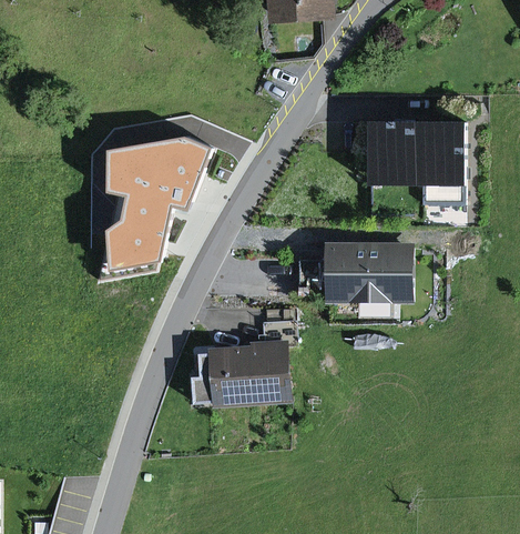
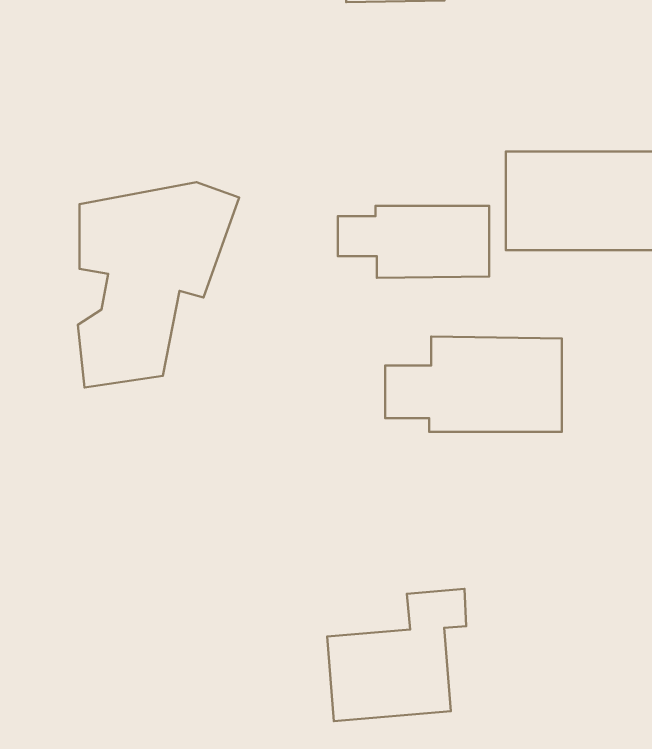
building: none -> [338,206,489,278]
building: [210,319,300,405] -> [327,589,466,721]

